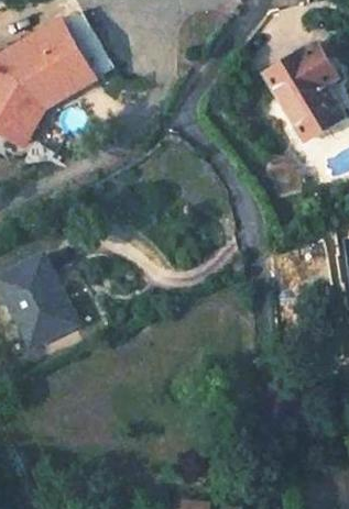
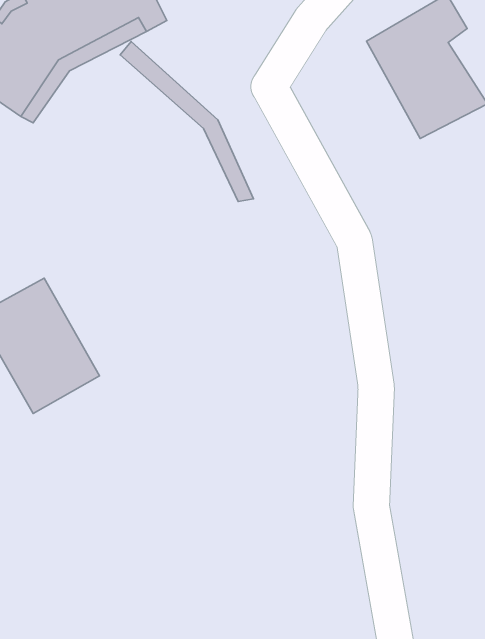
building: none -> [120,41,254,202]

